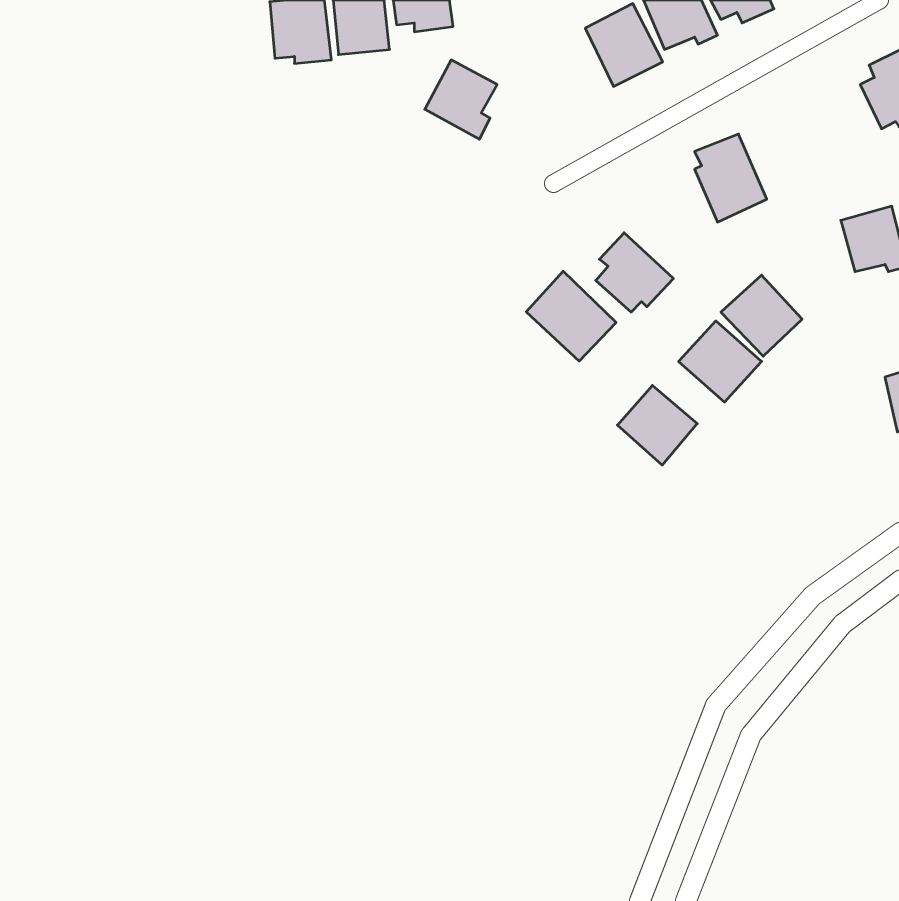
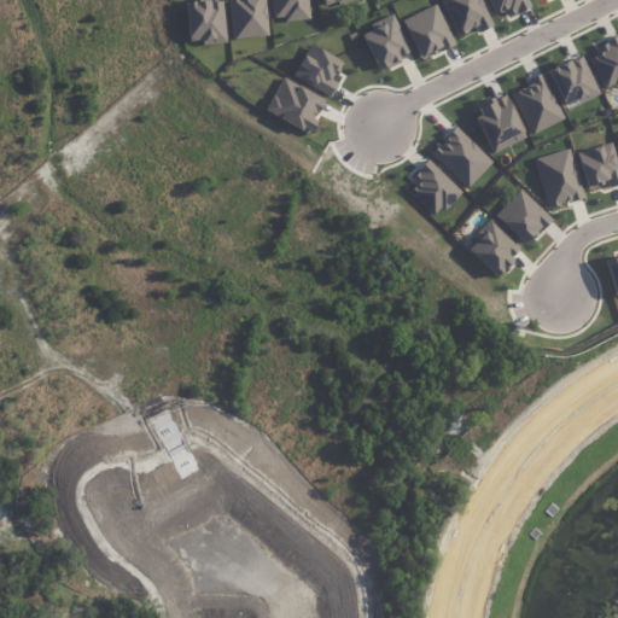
building: none -> [361,10,412,70]
building: none -> [548,54,600,104]
building: none -> [512,71,564,134]
building: none -> [266,77,326,132]
building: none -> [535,147,584,208]
building: [526,271,616,361] -> [431,126,492,187]
building: [617,385,697,465] -> none

